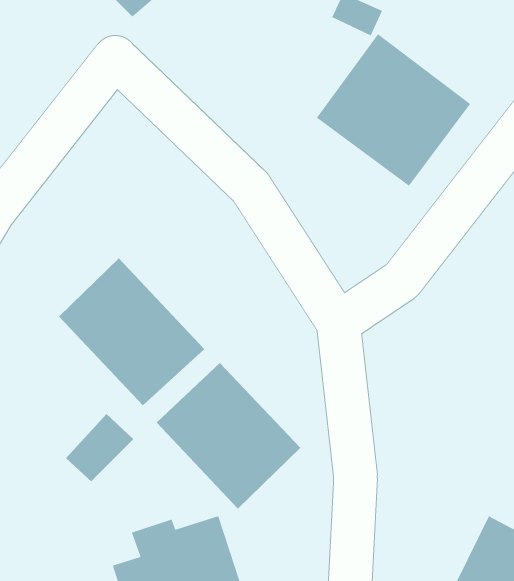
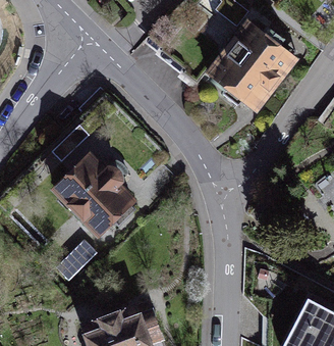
building: [156,362,301,510] -> none

